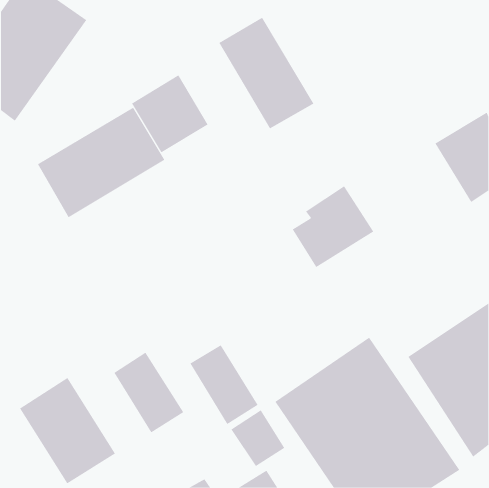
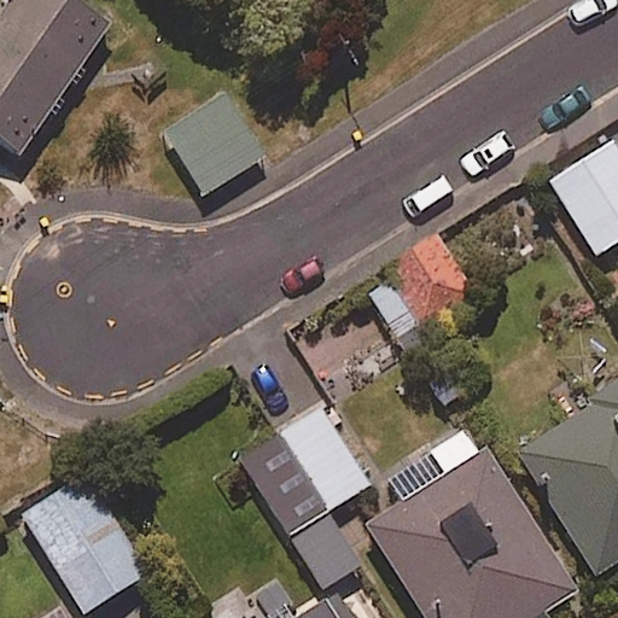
building: [218,17,314,129] -> none
building: [37,107,165,218] -> none
building: [113,352,184,433] -> [279,408,368,511]

